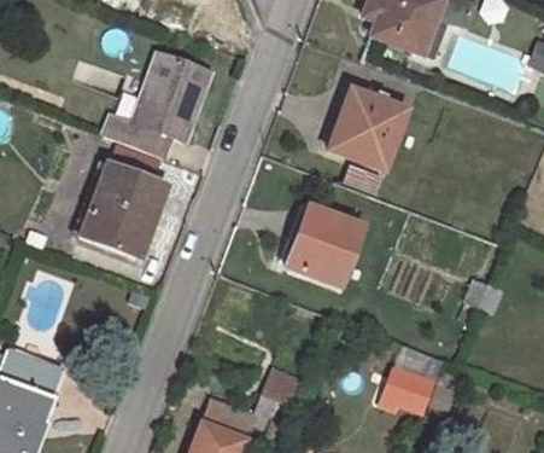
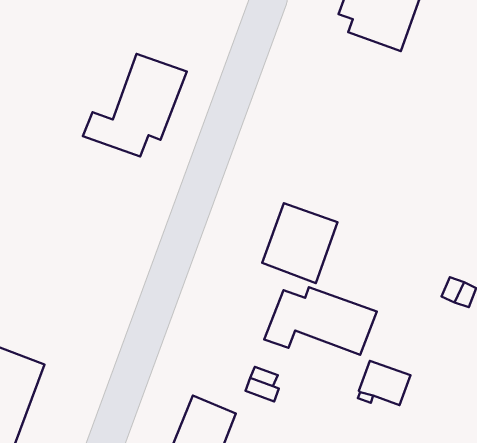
building: [327,89,403,170] -> none
building: [81,163,166,259] -> none
building: none -> [264,287,377,355]

